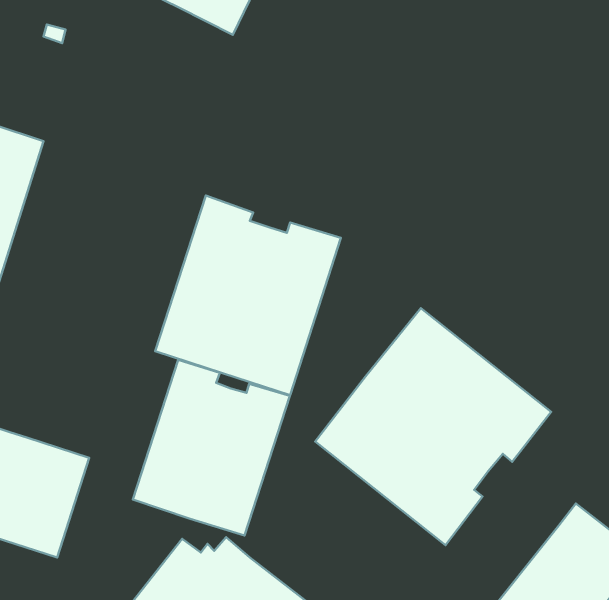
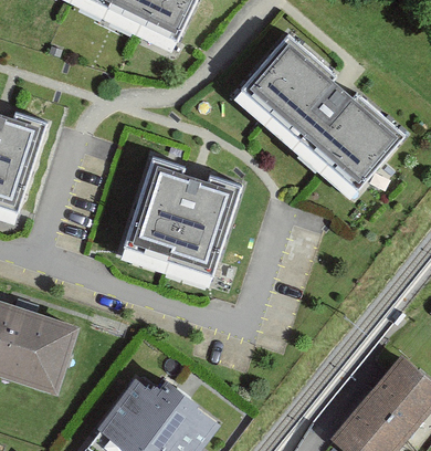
building: none -> [234,35,404,197]
building: [315,308,551,545] -> none
building: [133,360,290,536] -> none

